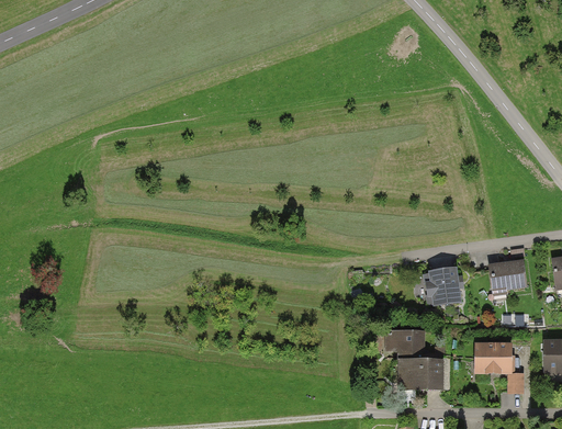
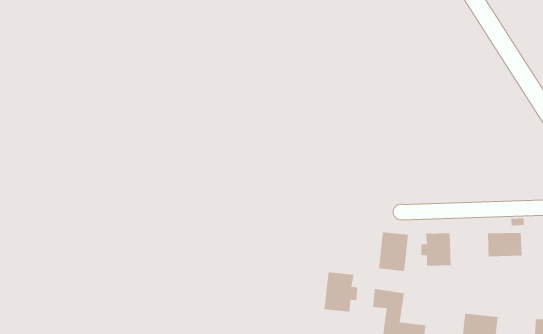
building: none -> [378,231,409,272]
building: none -> [324,271,358,313]

